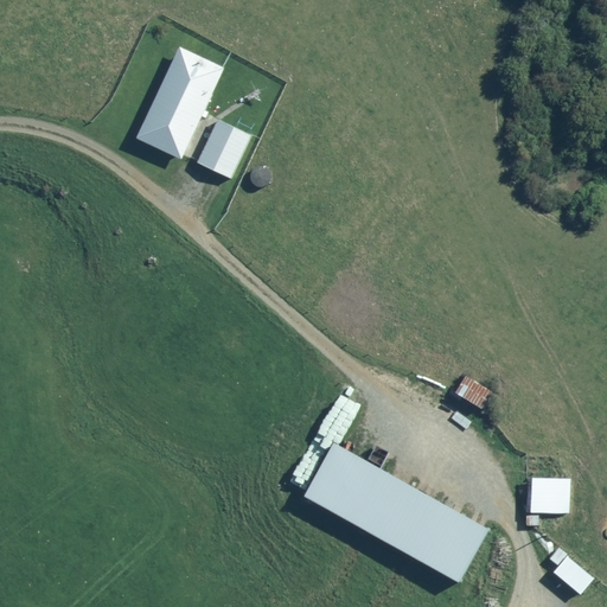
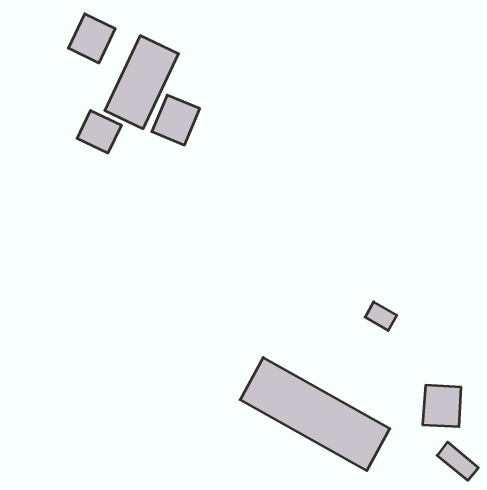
building: none -> [68,14,115,63]
building: none -> [77,110,121,153]

